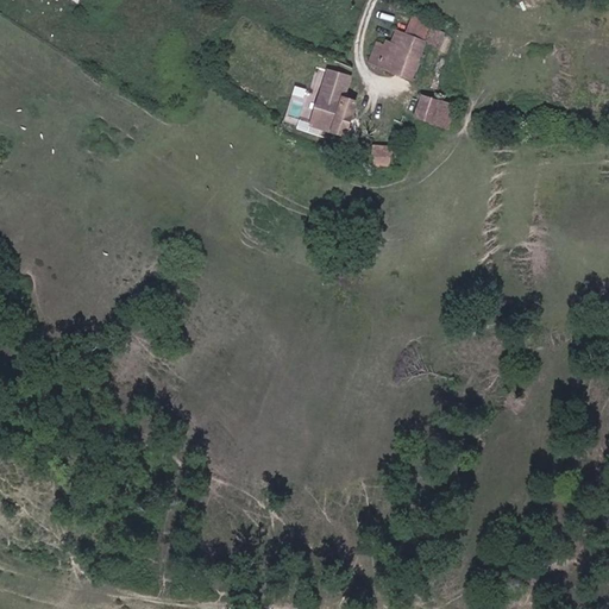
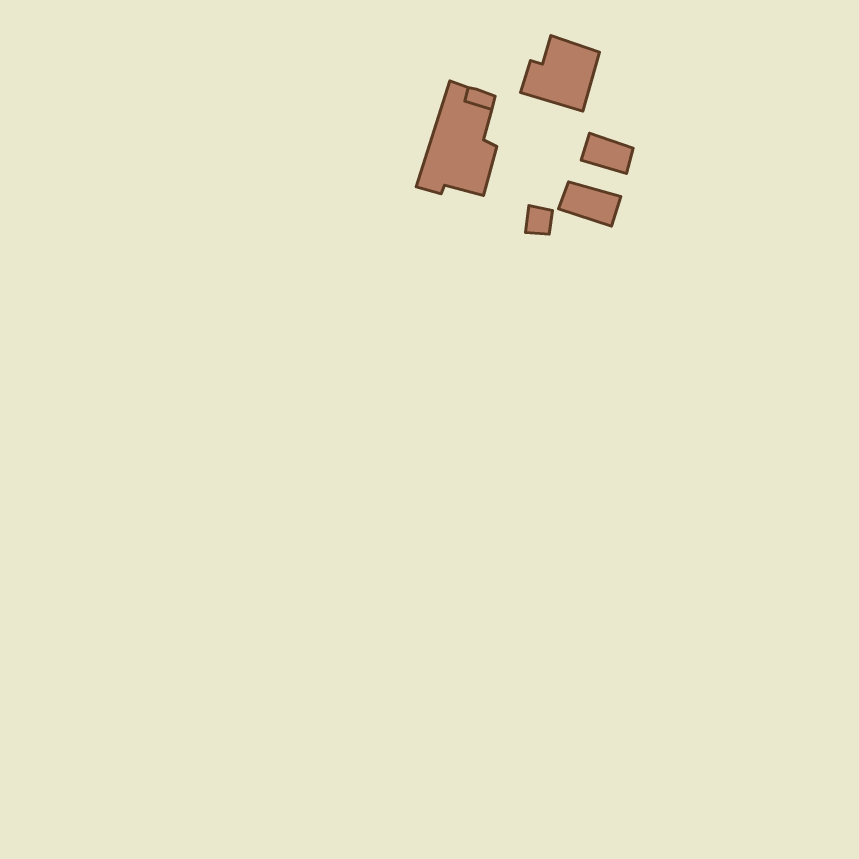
building: none -> [559,182,621,226]

